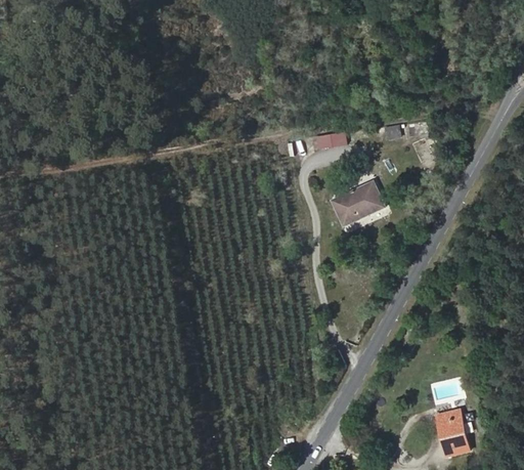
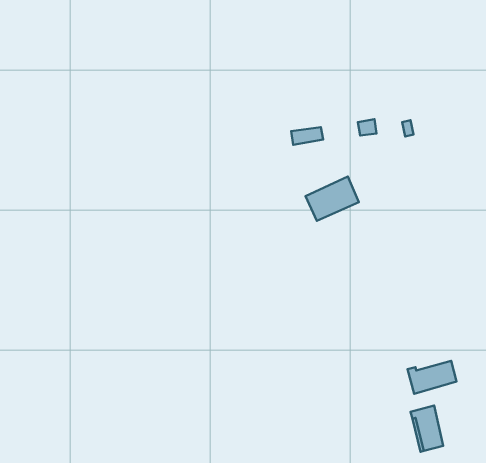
building: none -> [408,361,457,394]

